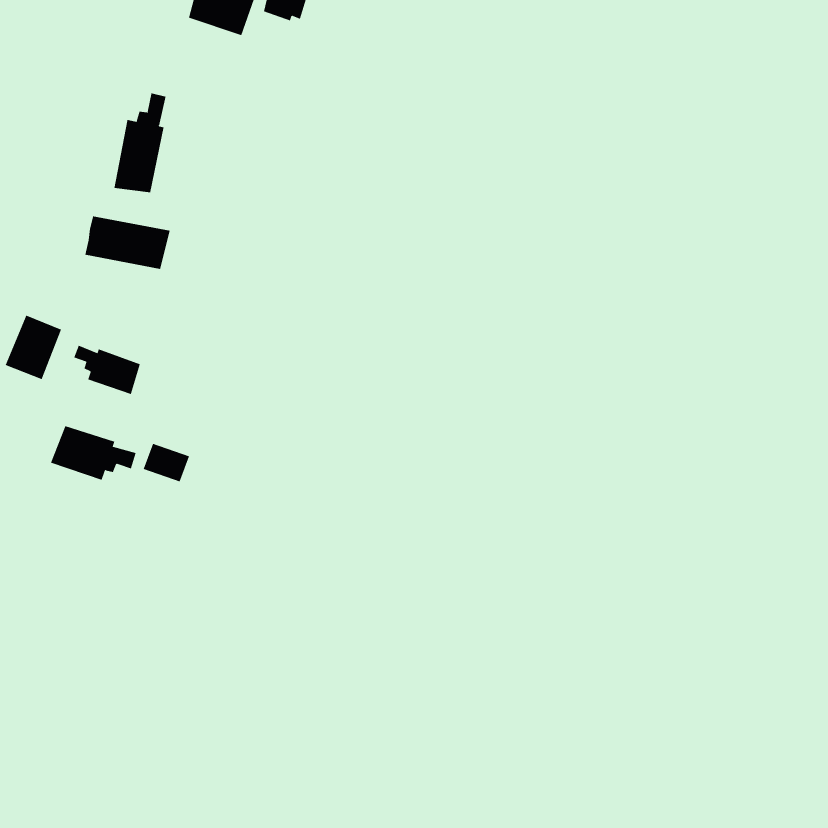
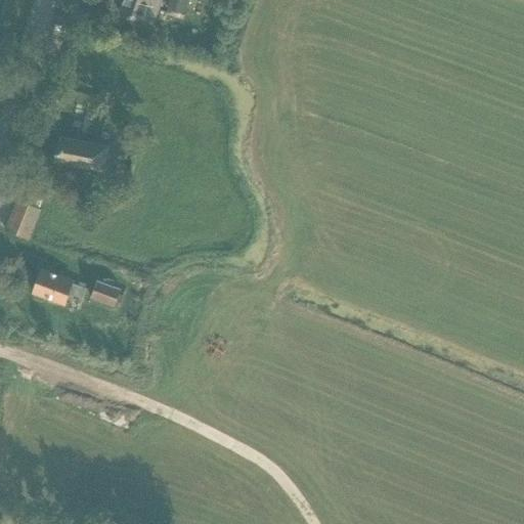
building: [114,92,166,193] -> none
building: [74,345,140,395] -> none

